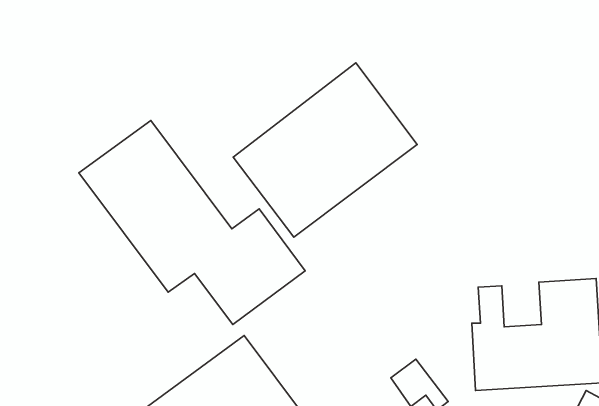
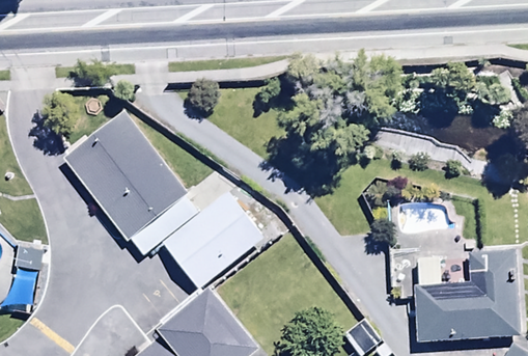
building: [233,63,417,237] -> none

